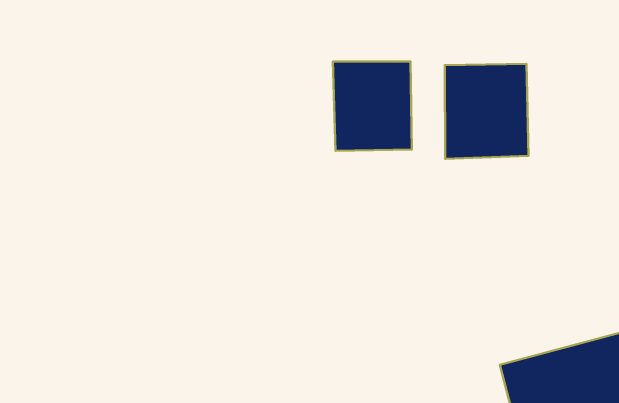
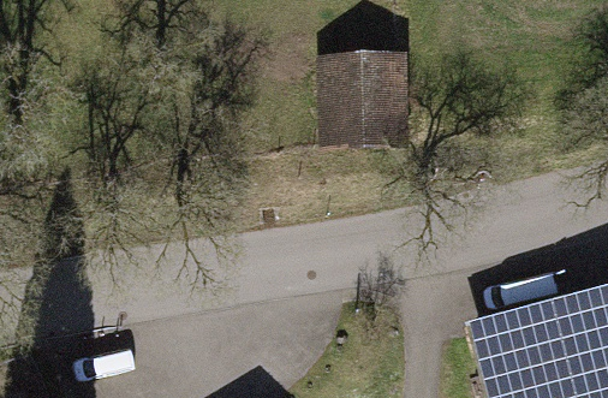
building: [445,64,528,159] -> none

